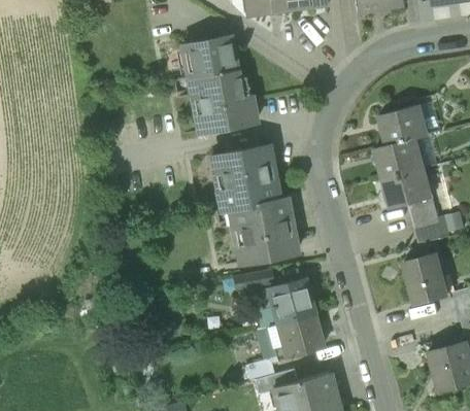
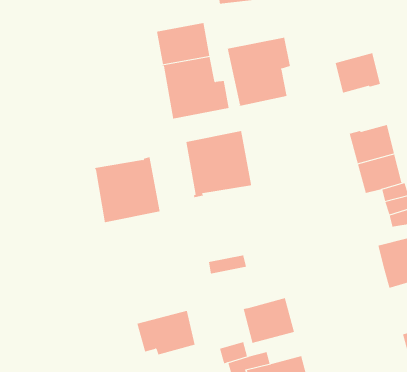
building: none -> [227,37,291,107]
building: [380,105,427,146] -> [335,53,381,93]
building: [229,198,296,265] -> [94,157,160,223]
building: [253,279,312,324] -> [136,310,196,355]

